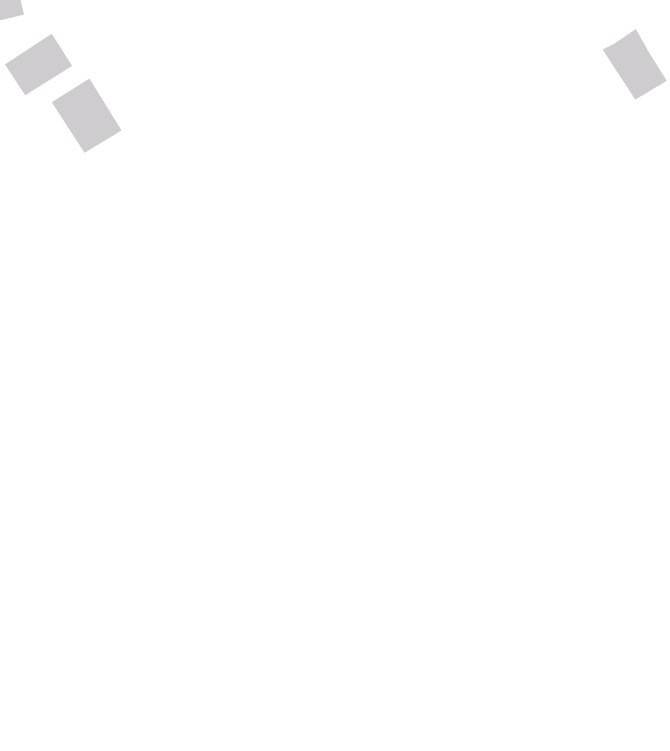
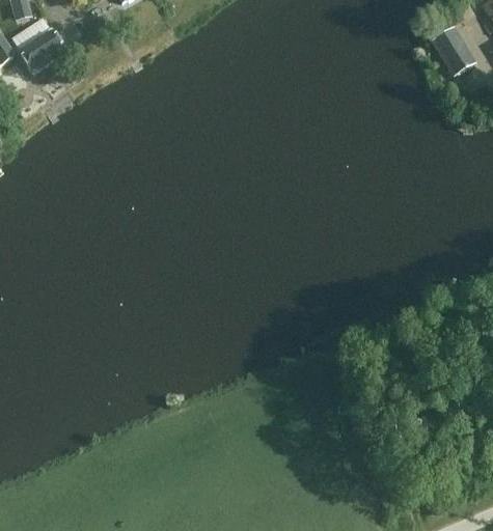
building: [51,77,122,154] -> none

